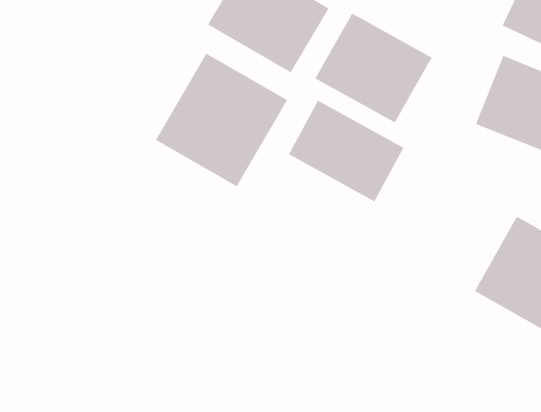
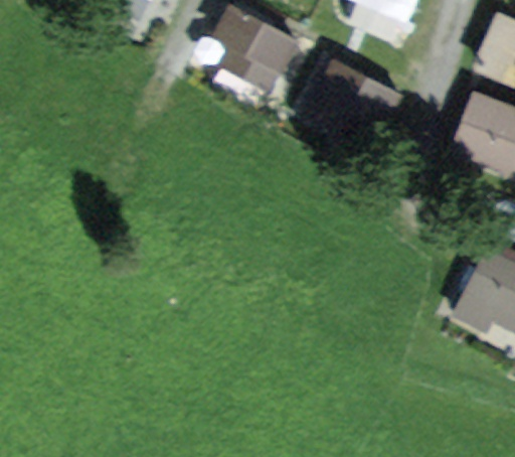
building: [155,53,288,187] -> none
building: [288,100,404,202] -> none

